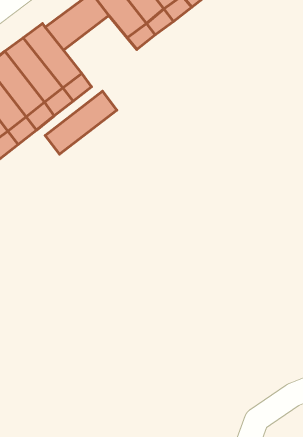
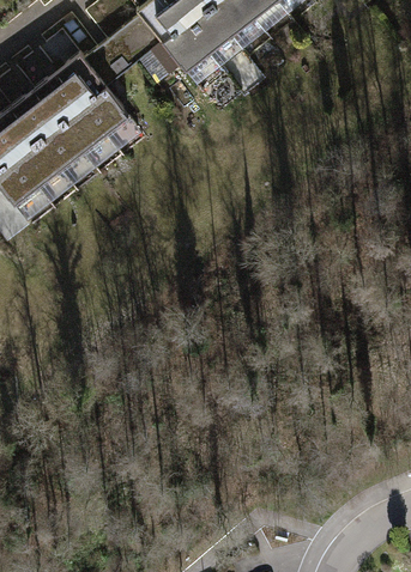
building: [45,91,117,154] -> none

